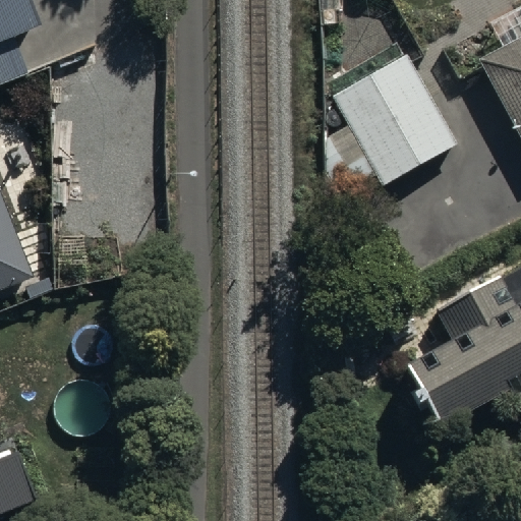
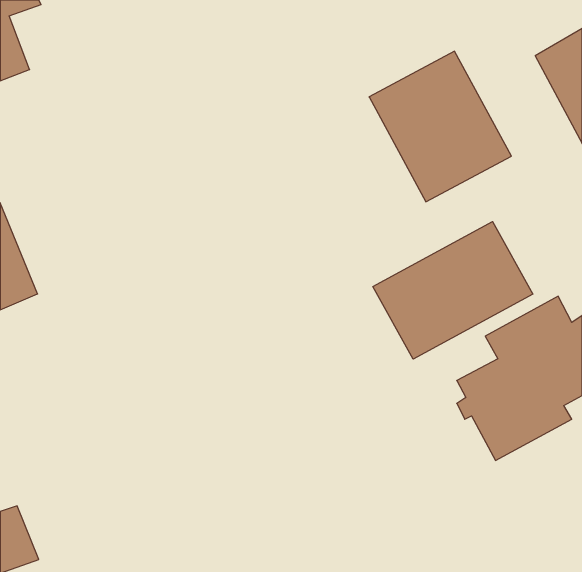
building: none -> [373,222,533,359]

